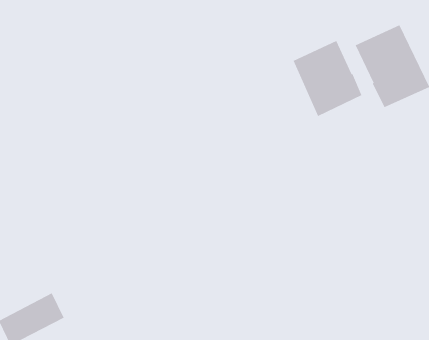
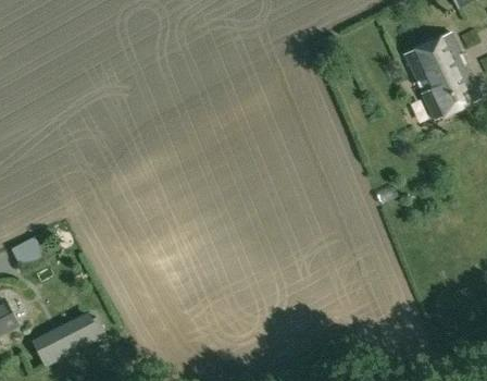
building: [293,40,362,117] -> none

